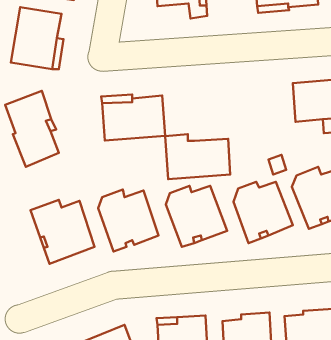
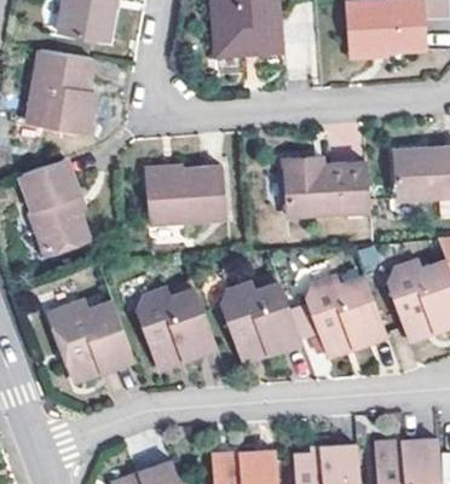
building: [165,134,230,179] -> [283,157,367,215]

